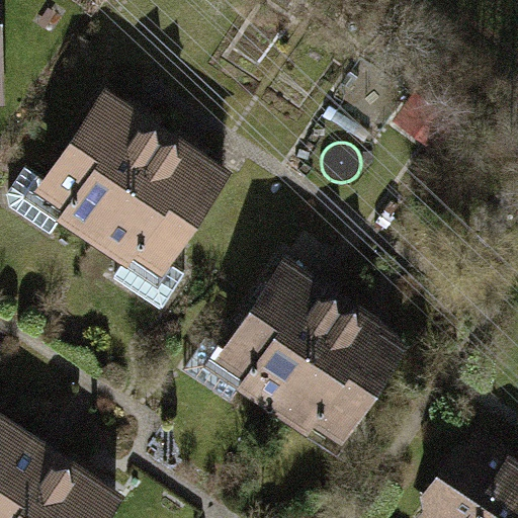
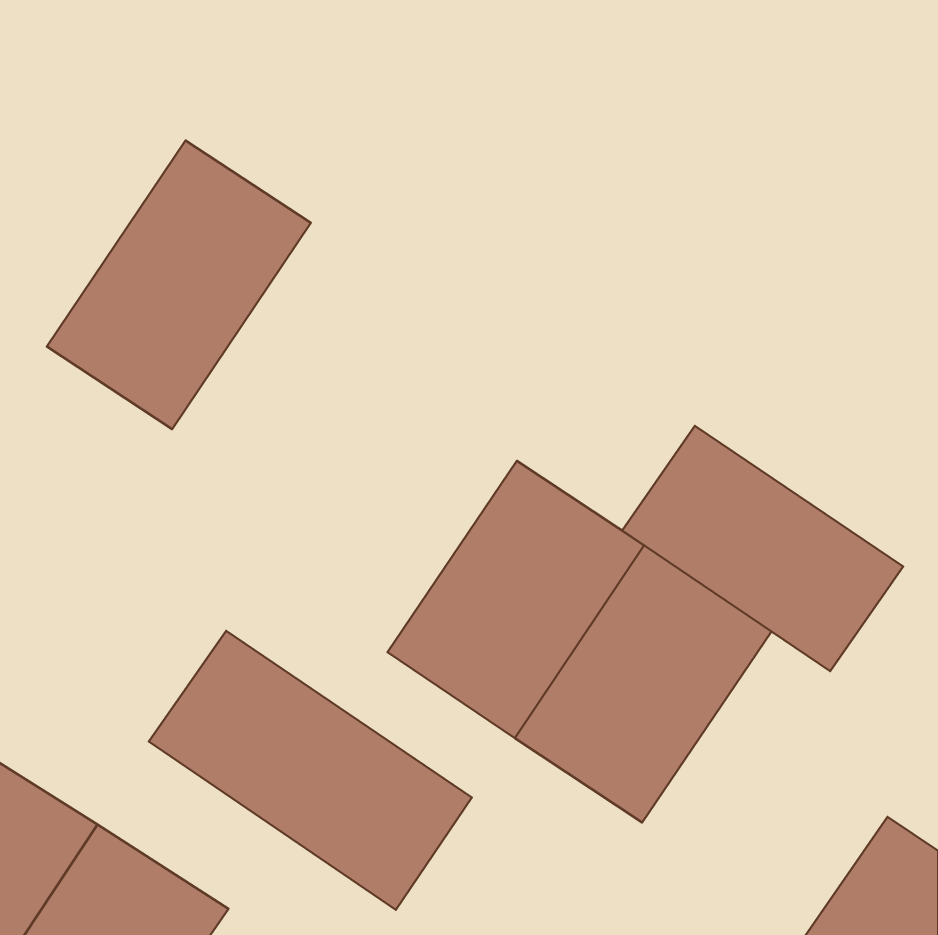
building: [93,133,232,286] -> none
building: none -> [622,426,903,671]
building: none -> [149,631,472,910]

